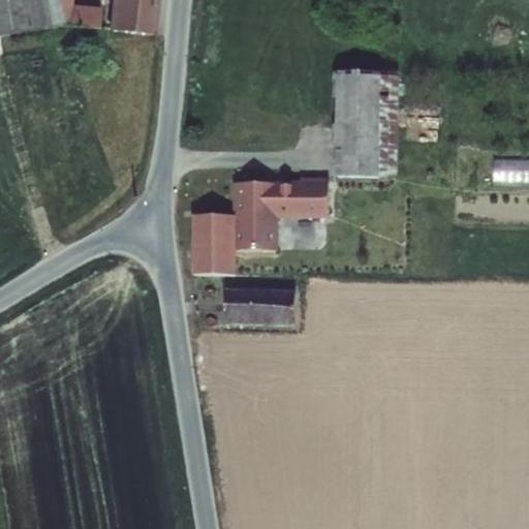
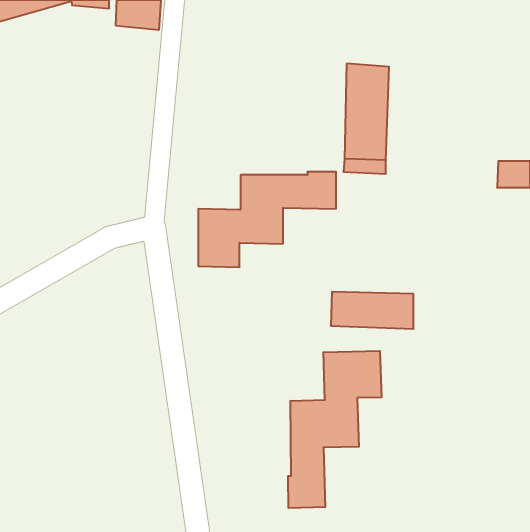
building: [213,289,293,325] -> [331,292,413,329]
building: none -> [288,351,381,508]

